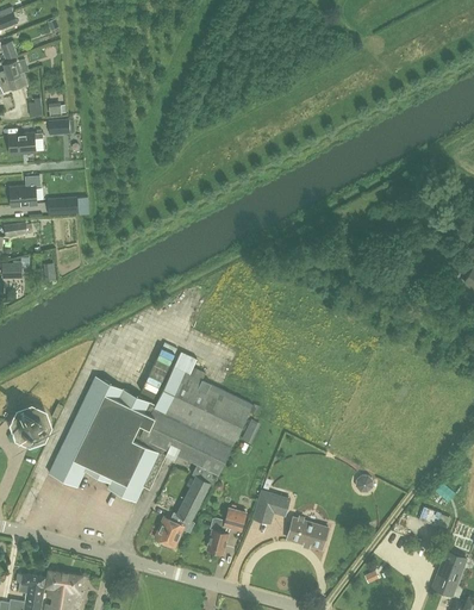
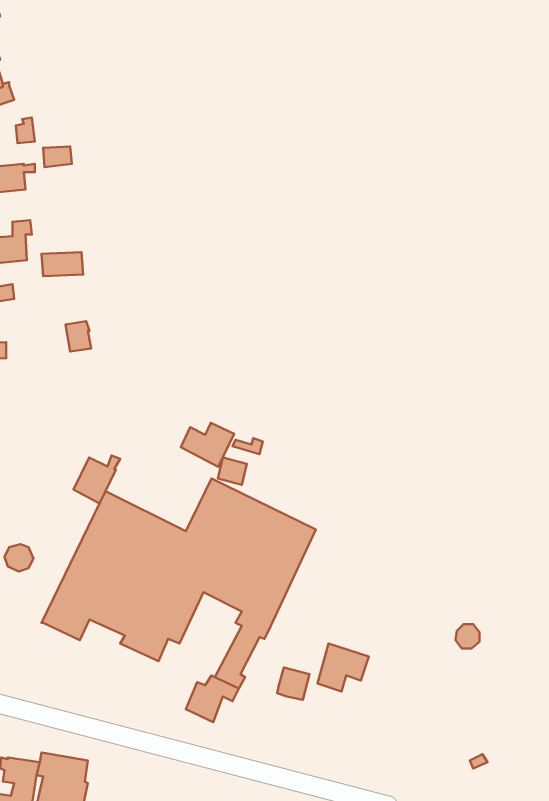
building: none -> [181,423,234,467]
building: none -> [73,455,120,503]
building: [207,517,230,553] -> none
building: [287,517,328,549] -> none

